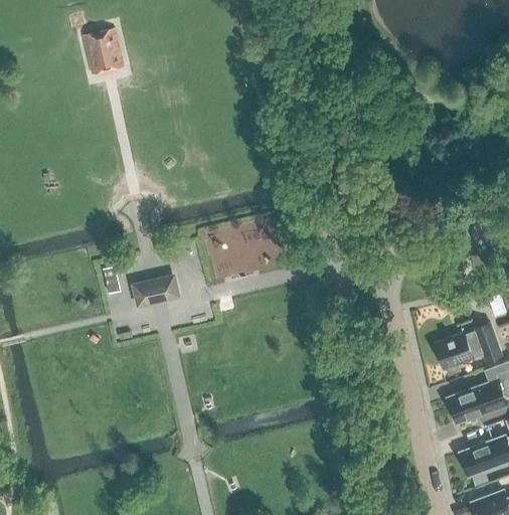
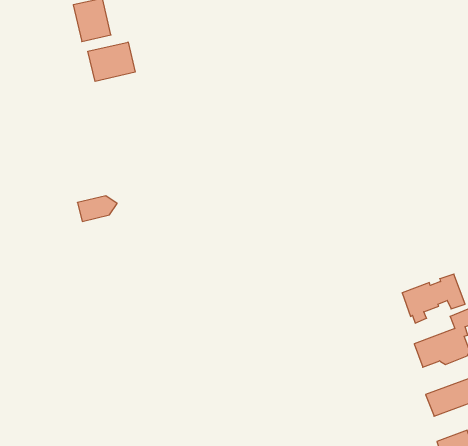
building: none -> [88,42,135,81]
building: [133,278,175,305] -> [77,196,117,221]

